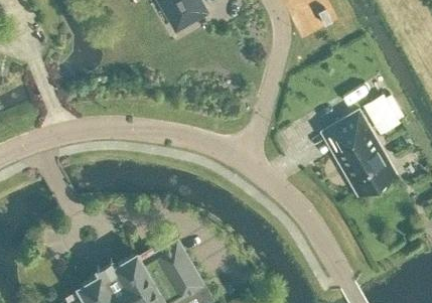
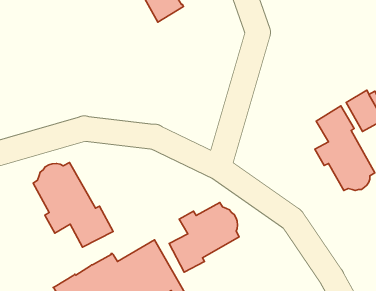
building: none -> [33,163,113,247]
building: none -> [169,203,239,272]

